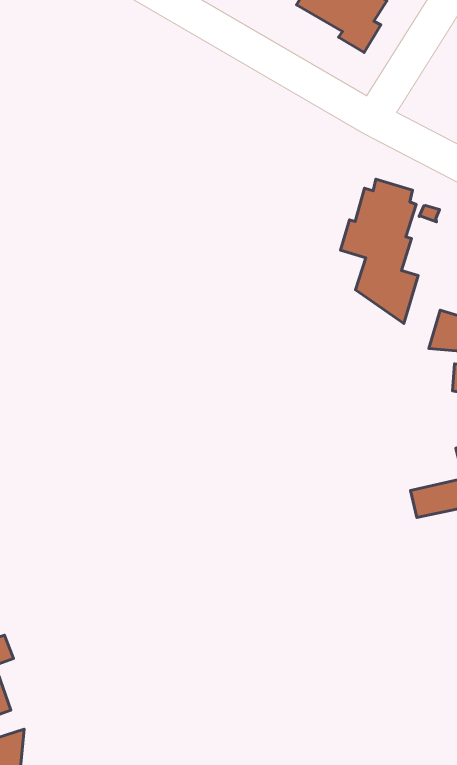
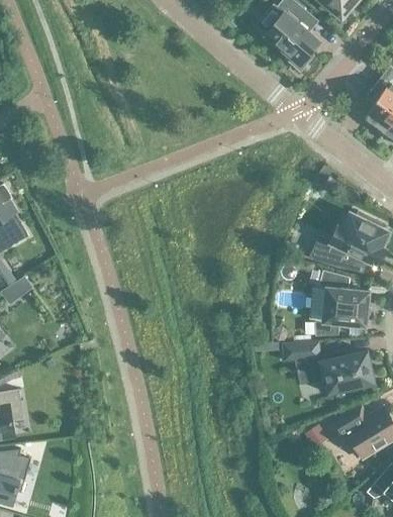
building: [340,179,418,324] -> none

